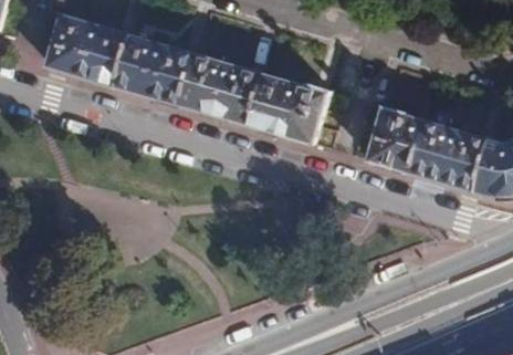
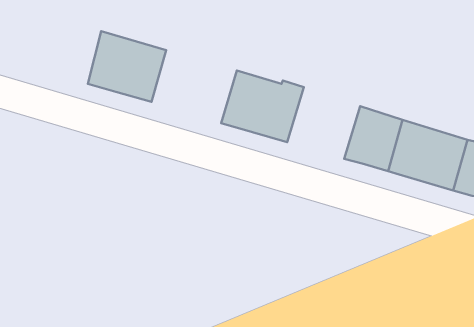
building: [48,14,128,85] -> none
building: [178,52,262,124] -> none

